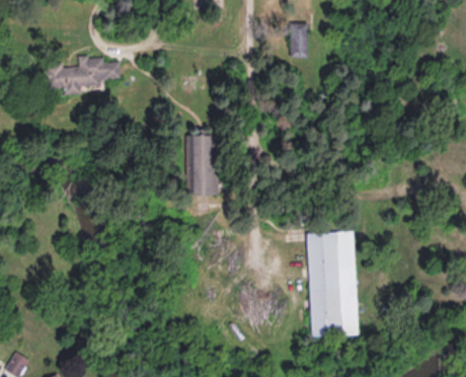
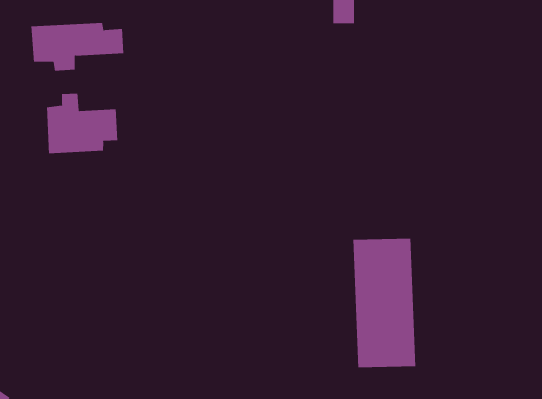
building: none -> [46,93,118,154]
building: [186,135,217,196] -> none

